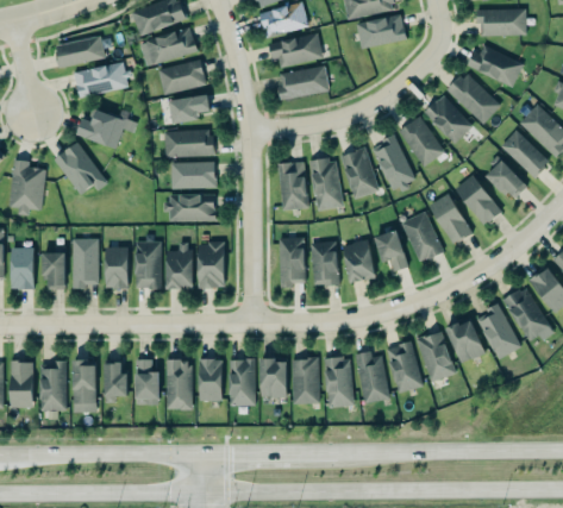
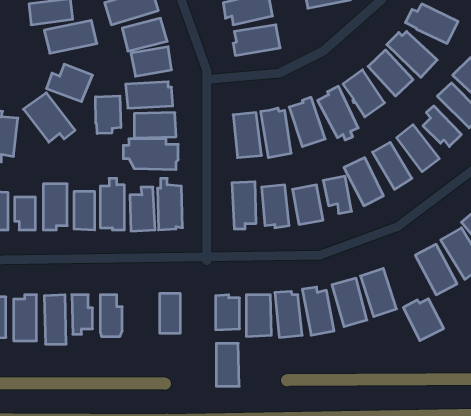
building: none -> [96,96,121,134]
building: [442,320,486,365] -> [403,299,444,341]
building: [229,359,254,406] -> [216,343,239,386]
building: [167,360,193,409] -> none

